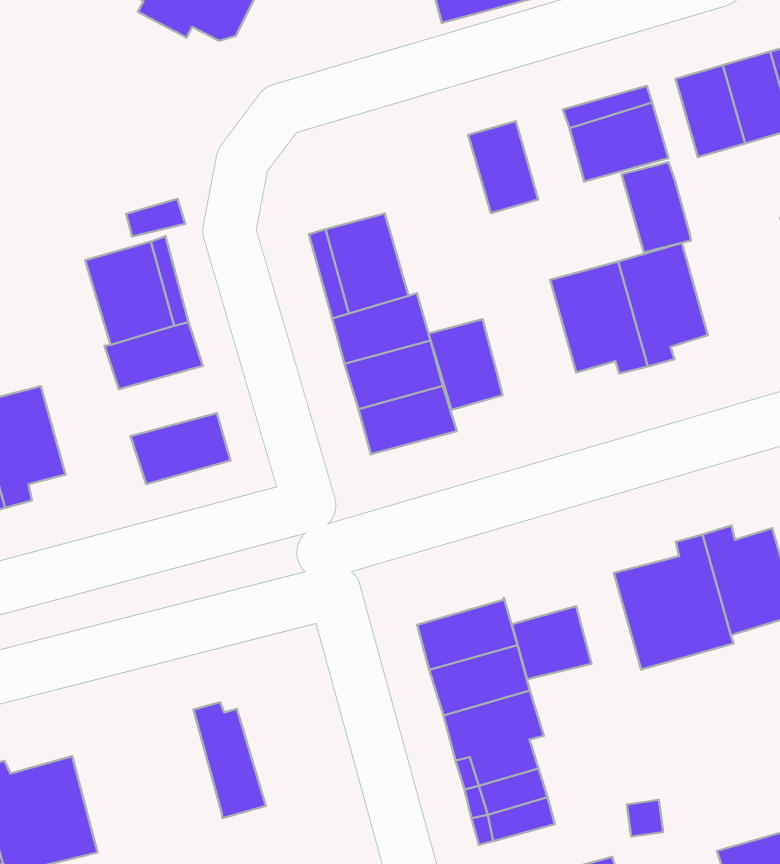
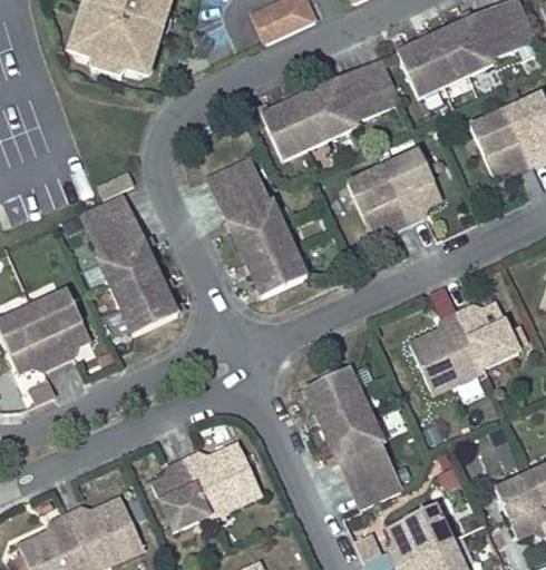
building: none -> [263,106,306,159]
building: [621,162,691,252] -> [312,82,358,136]
building: [429,319,502,410] -> none
building: none -> [111,262,169,308]
building: [512,606,592,679] -> none
building: none -> [208,440,263,505]
building: none -> [150,458,209,530]

